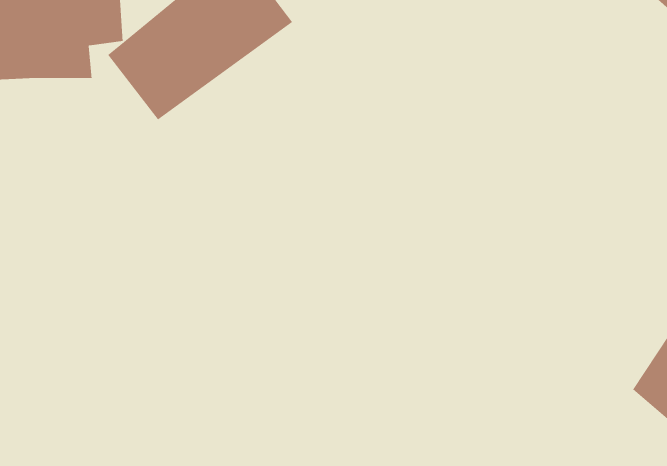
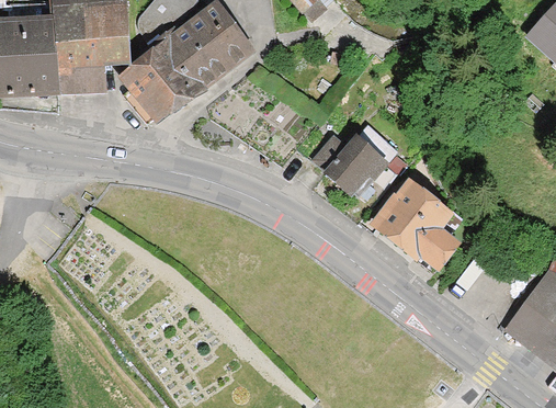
building: none -> [310,121,399,197]
building: none -> [368,179,462,274]

